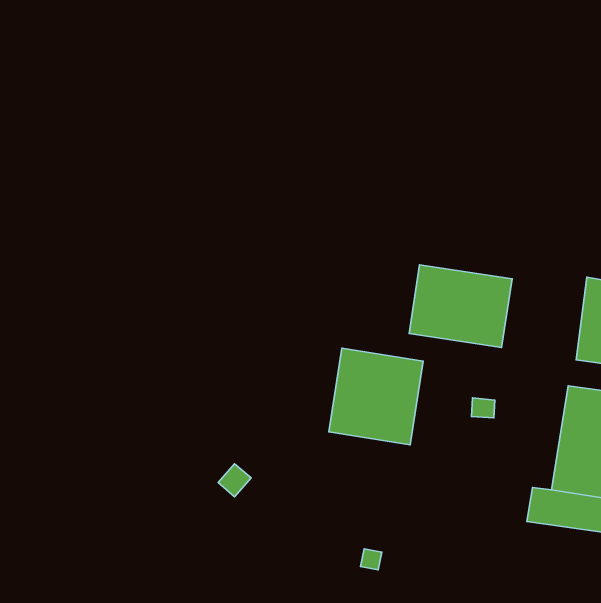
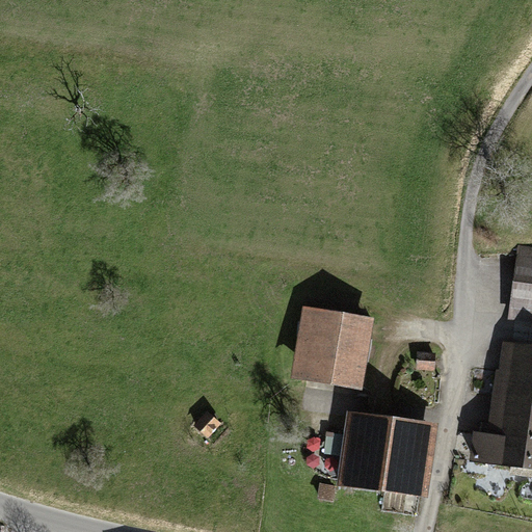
building: [409,265,512,347] -> none
building: none -> [339,409,436,498]

